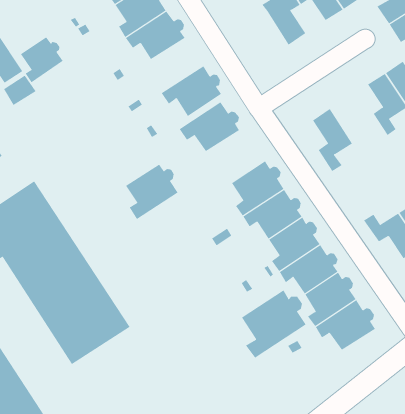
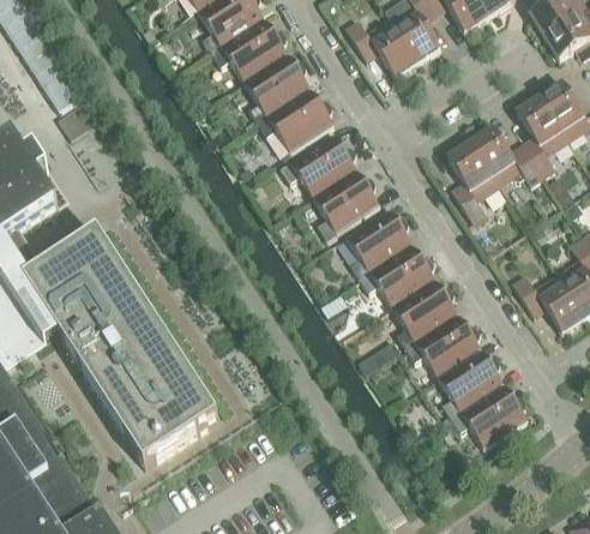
building: none -> [345,19,417,77]
building: [20,36,63,83] -> none
building: none -> [243,53,311,122]
building: none -> [470,127,542,186]
building: [125,164,178,220] -> [313,169,380,240]
building: [241,290,307,359] -> none

